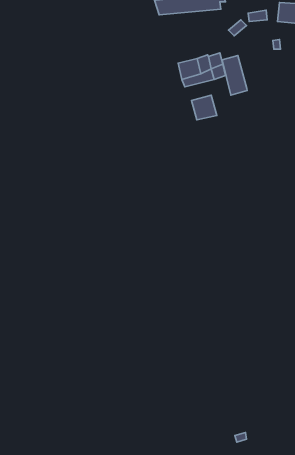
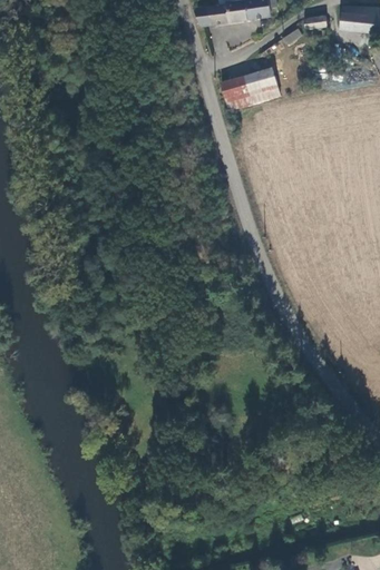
building: [222,55,247,95] -> none
building: [191,95,217,120] -> none

